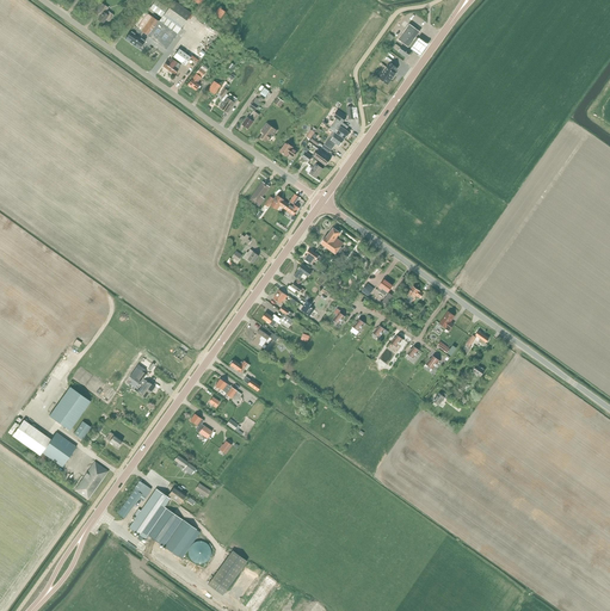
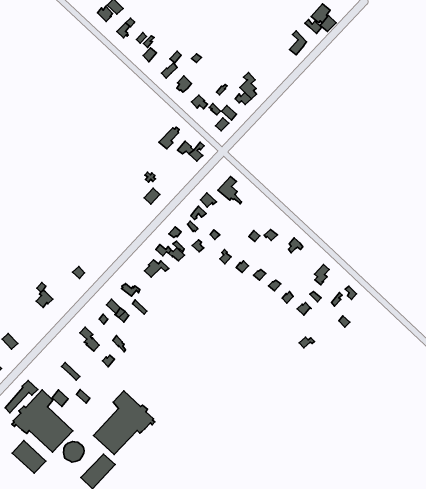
building: none -> [93,391,155,455]
building: none -> [12,441,46,473]

